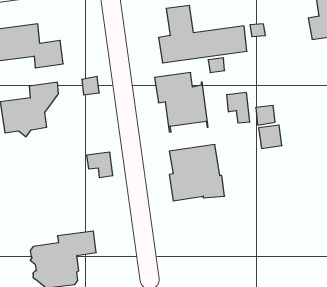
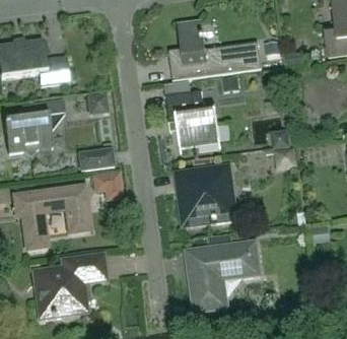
building: [227,92,249,123] -> none
building: none -> [78,148,114,171]
building: none -> [13,186,89,249]
building: none -> [188,243,258,310]

